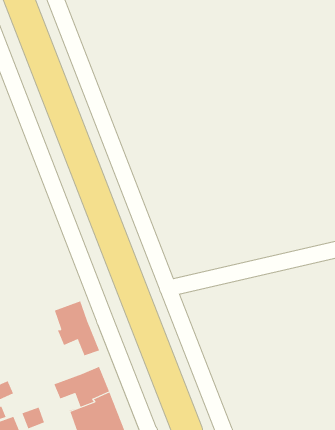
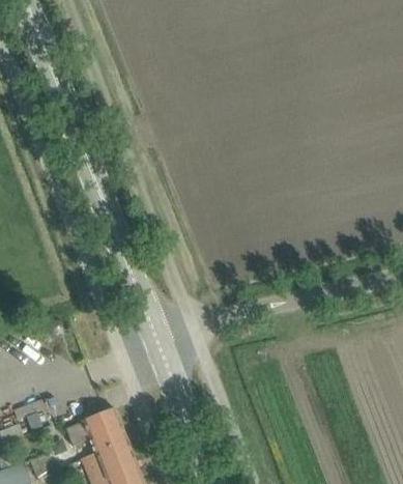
building: [54,301,100,357] -> none

